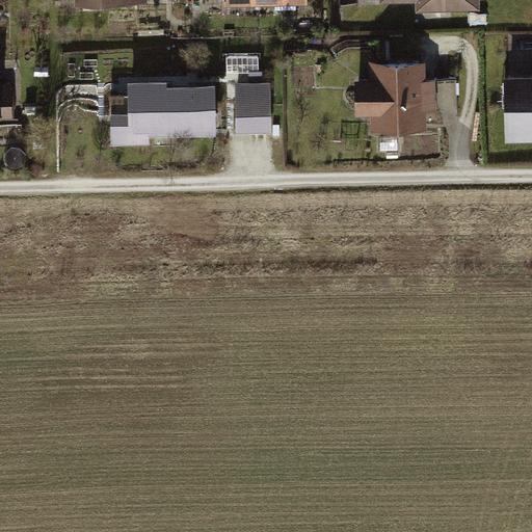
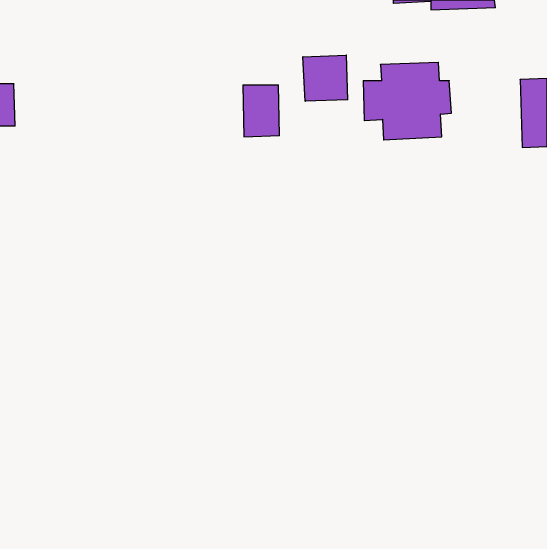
building: none -> [303,55,348,101]
building: [110,83,216,144] -> none

